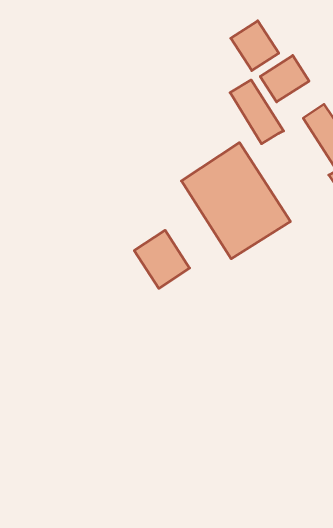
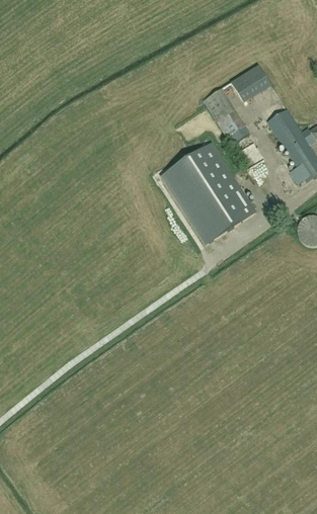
building: [231,21,279,71] -> none
building: [134,230,190,288] -> none

